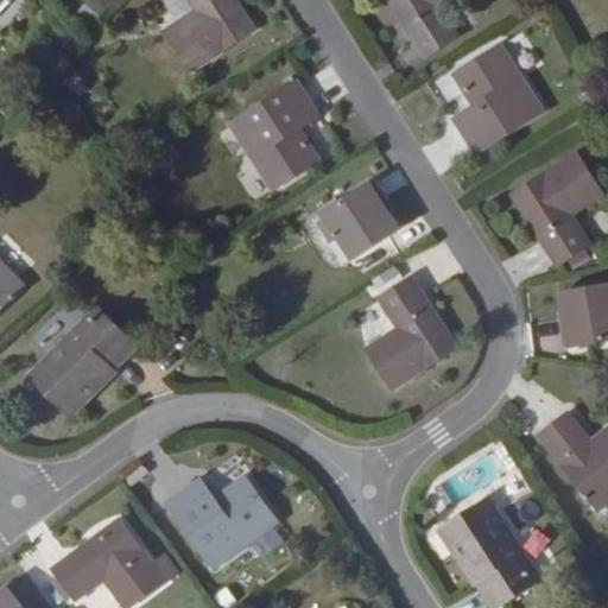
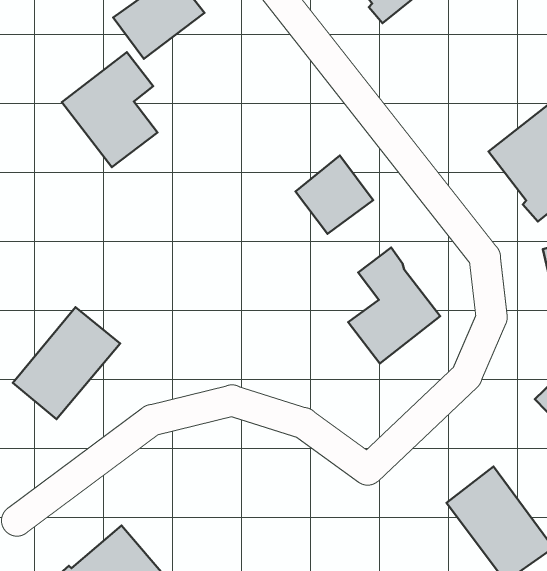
building: [450,50,542,156] -> none
building: [228,81,318,191] -> [62,52,157,167]
building: [165,474,278,568] -> none

